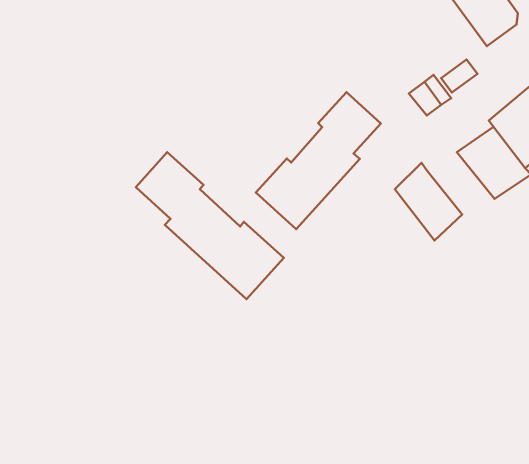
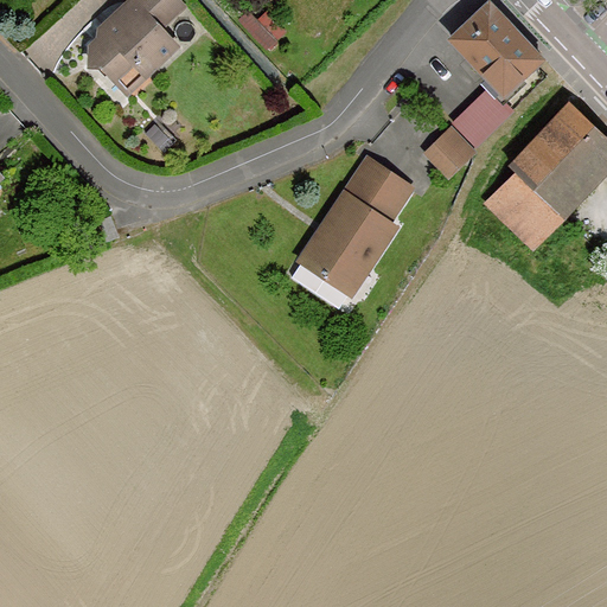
building: [136,152,284,299] -> none
building: [395,163,462,240] -> none

